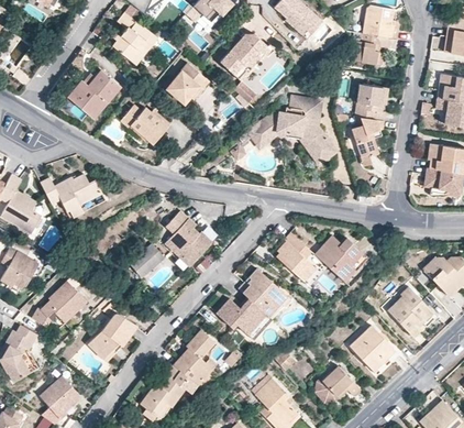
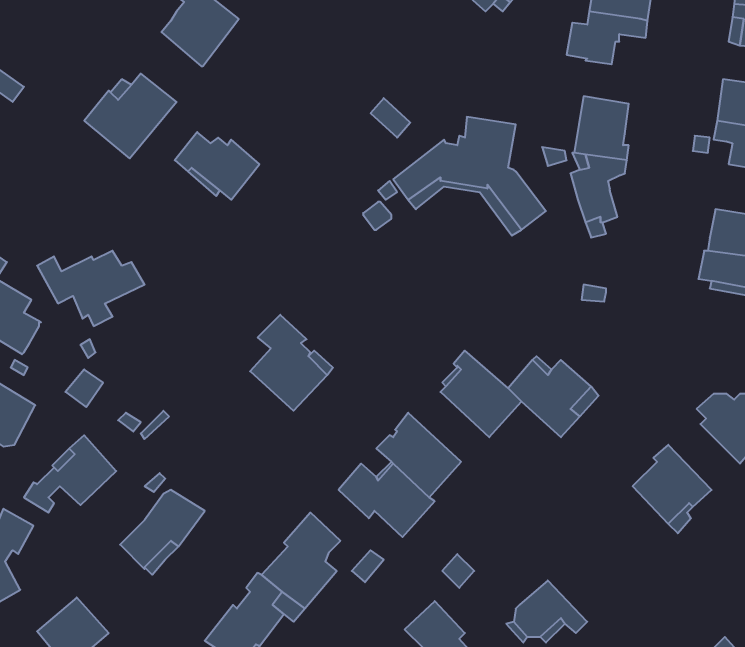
building: [221,33,275,81] -> none
building: [165,63,208,105] -> none
building: [130,244,164,278] -> none
building: [349,326,399,375] -> none

